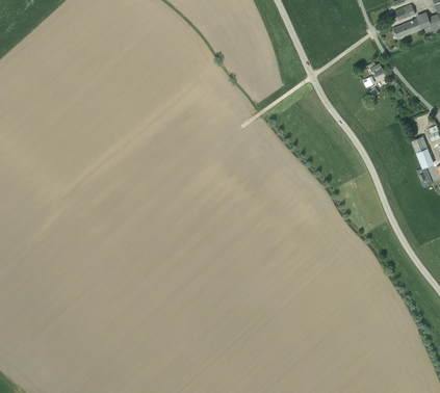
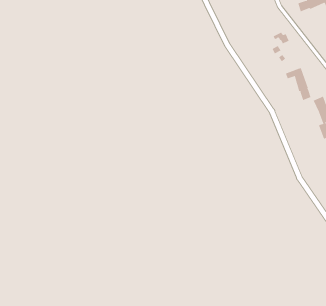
building: none -> [285,67,311,101]

